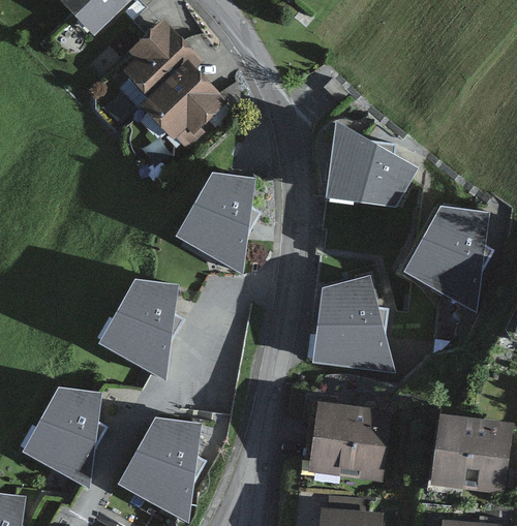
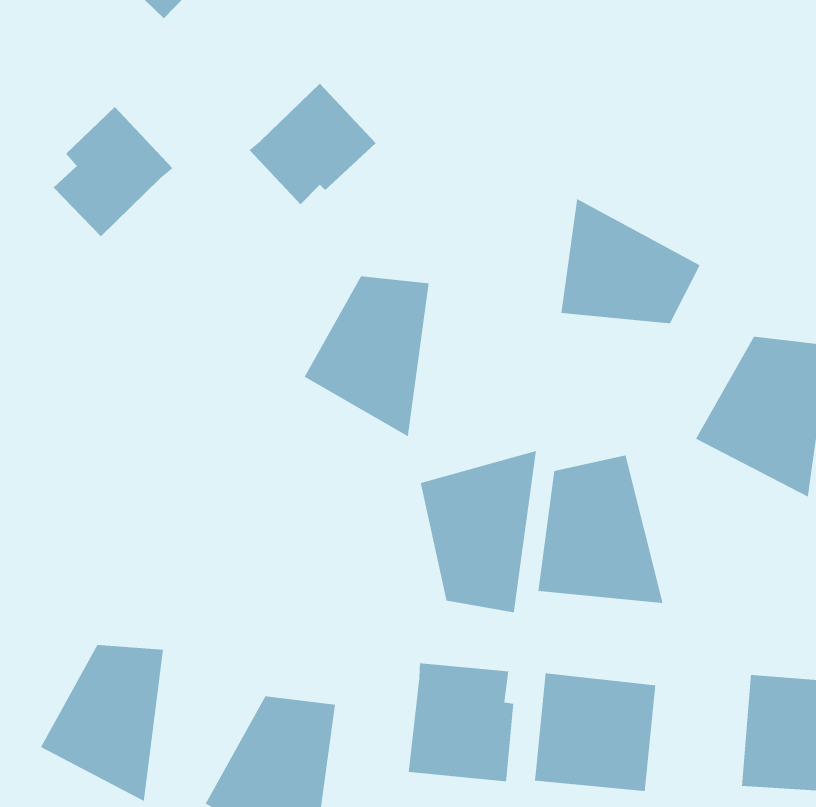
building: [124,23,194,99] -> [53,106,173,237]
building: none -> [420,450,537,613]
building: [103,285,173,376] -> none
building: none -> [408,662,514,782]

